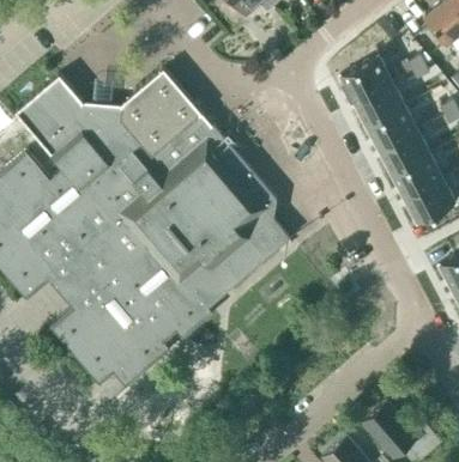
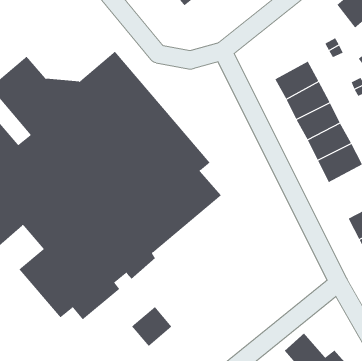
building: [338,56,391,103] -> none
building: none -> [131,306,172,347]

